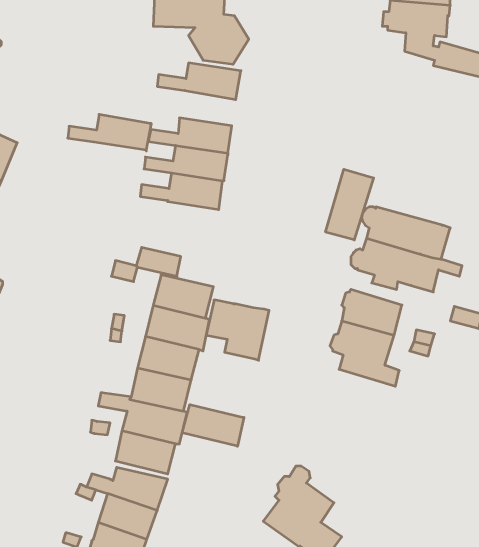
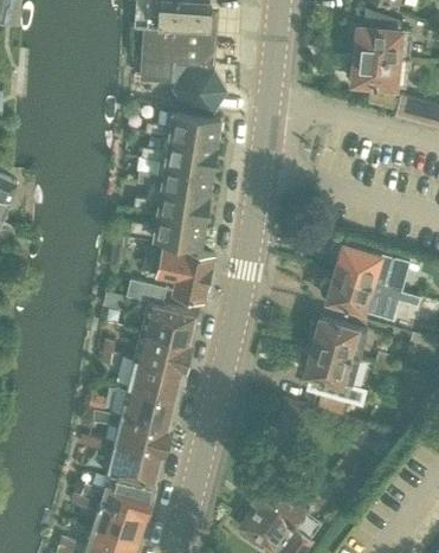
building: [68,114,151,151] -> [141,137,217,171]
building: [326,169,374,240] -> none
building: [206,300,269,360] -> [156,247,213,302]
building: [182,405,244,446] -> none

